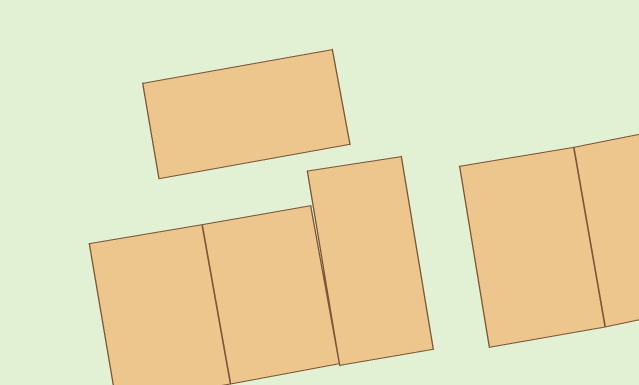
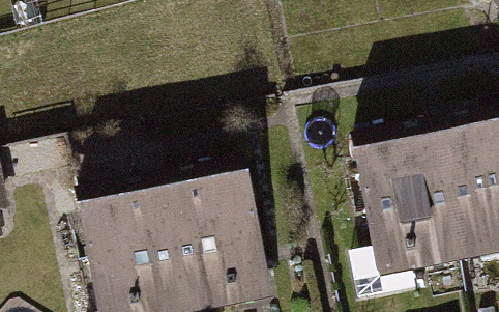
building: [143,49,350,179] -> none
building: [307,156,433,366] -> none

